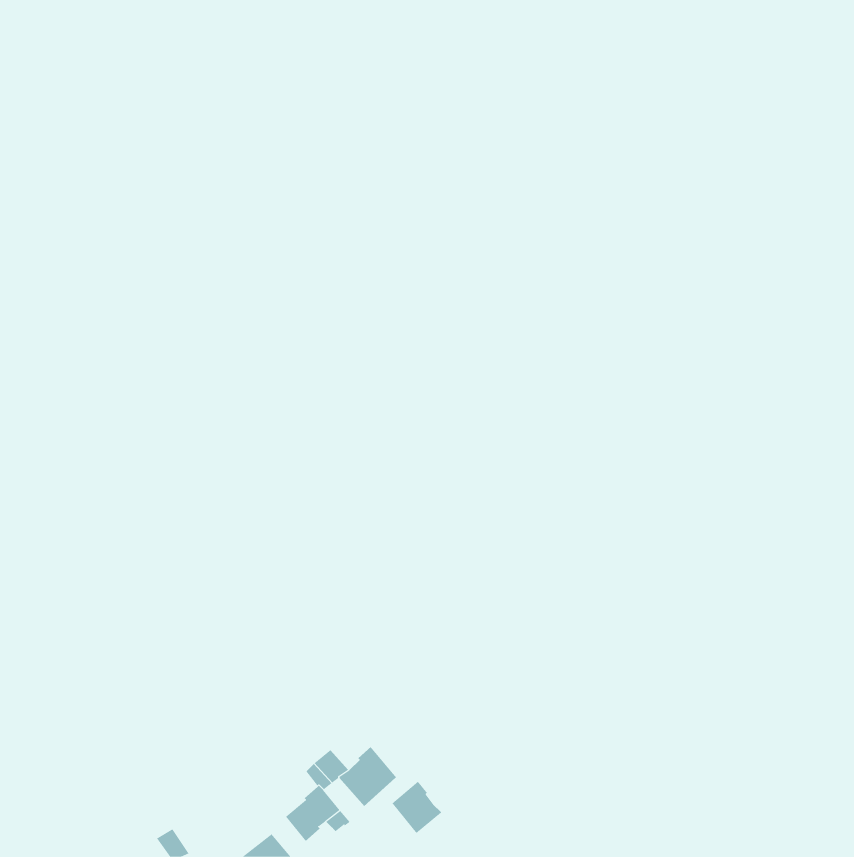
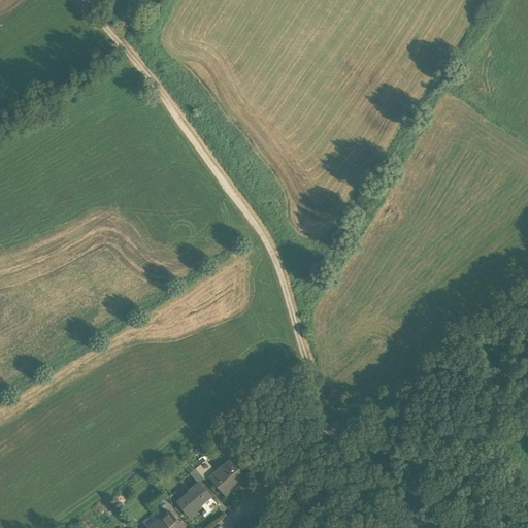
building: [389,781,442,834] -> none

